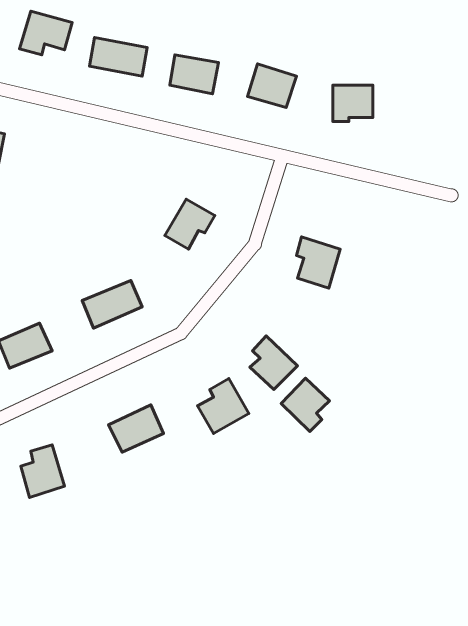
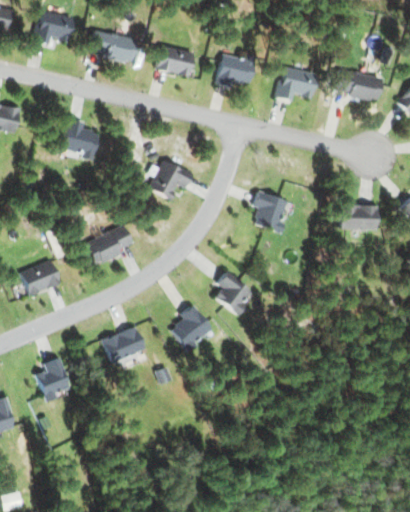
building: none -> [336,68,383,101]
building: none -> [62,121,97,156]
building: none -> [343,205,383,229]
building: [281,378,329,431] -> none

